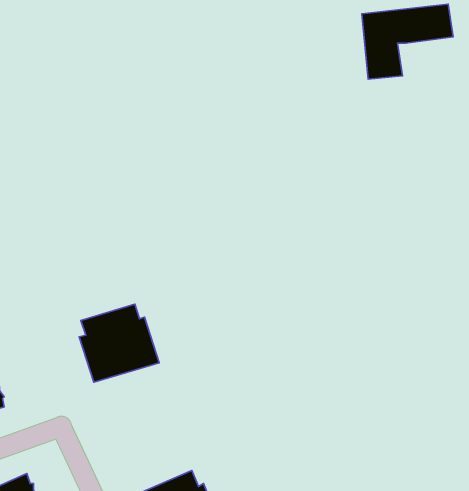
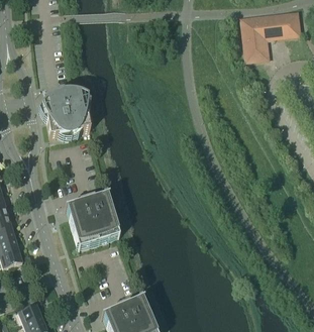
building: none -> [42,92,90,137]

